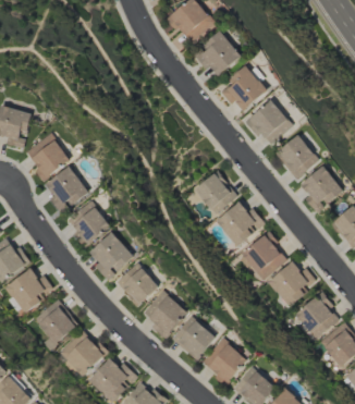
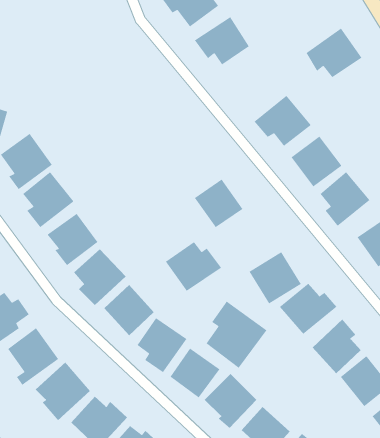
building: [220,66,269,110] -> [305,27,363,78]
building: [216,203,265,246] -> [165,241,222,292]
building: none -> [206,300,268,369]

